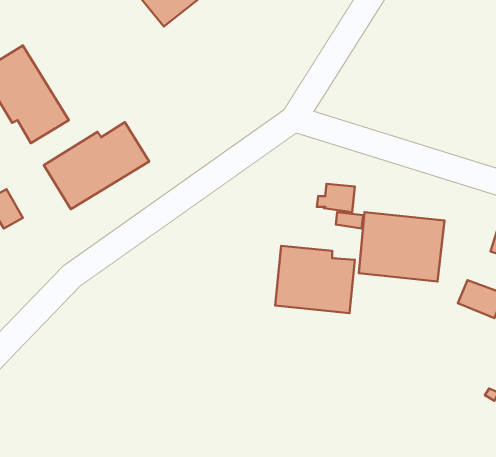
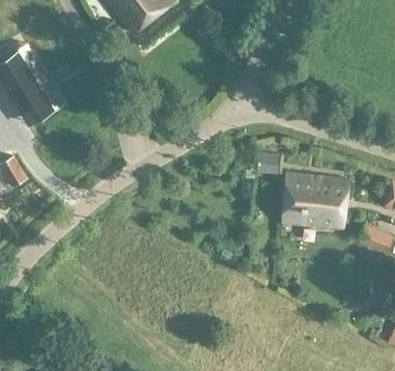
building: [44,122,149,209] -> none
building: [275,246,355,313] -> none

